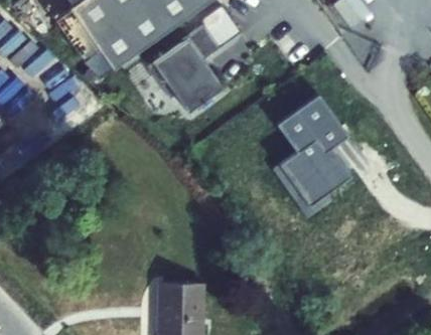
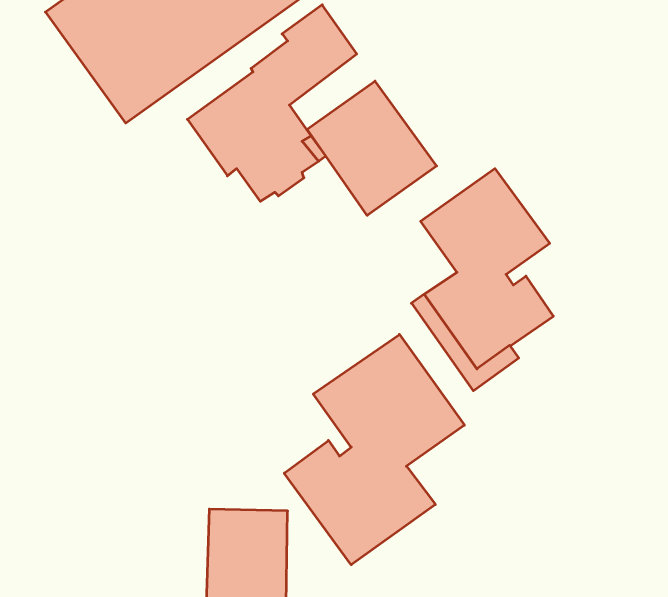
building: none -> [307,81,437,215]
building: none -> [284,334,464,565]

